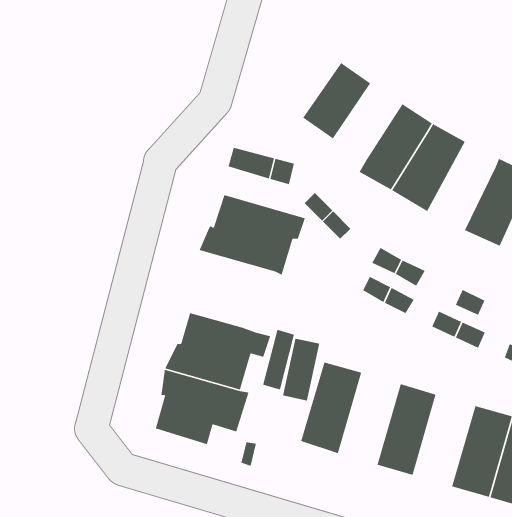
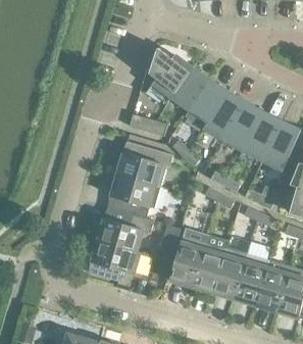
building: none -> [146,47,193,104]
building: none -> [189,79,228,121]
building: none -> [242,111,282,161]
building: none -> [108,173,156,218]
building: none -> [192,241,226,293]
building: none -> [234,253,268,305]

